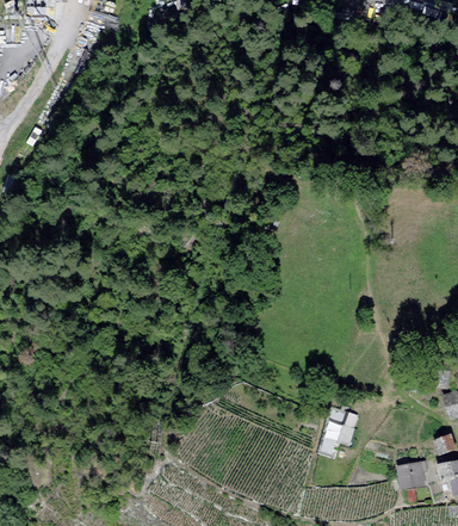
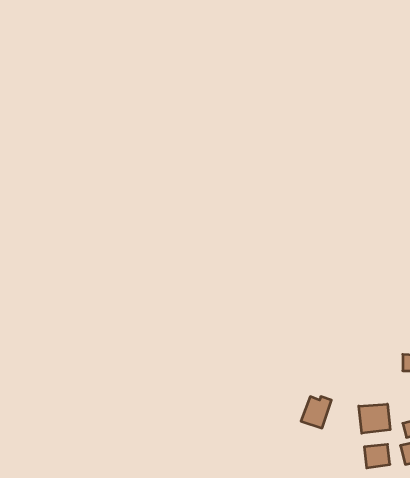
building: none -> [359,404,390,433]

